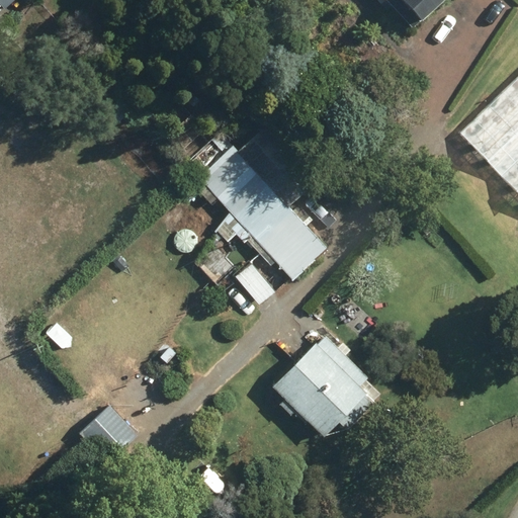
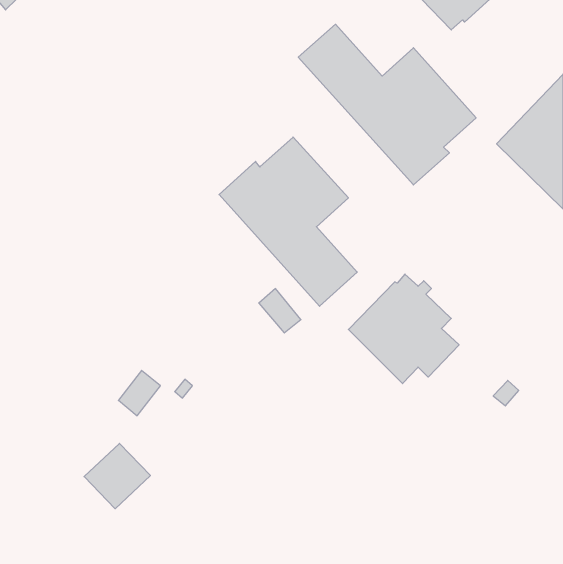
building: none -> [298,24,476,185]
building: [274,337,375,437] -> [348,274,459,384]

